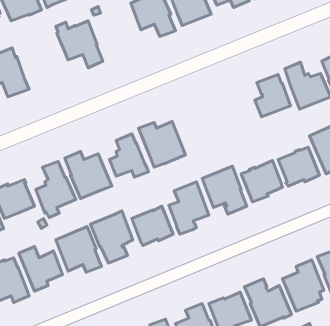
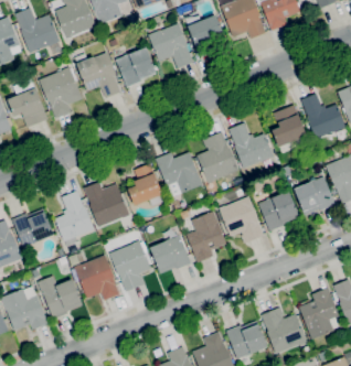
building: none -> [116,46,157,87]
building: none -> [40,66,83,118]
building: none -> [230,122,274,168]
building: none -> [198,131,240,183]

